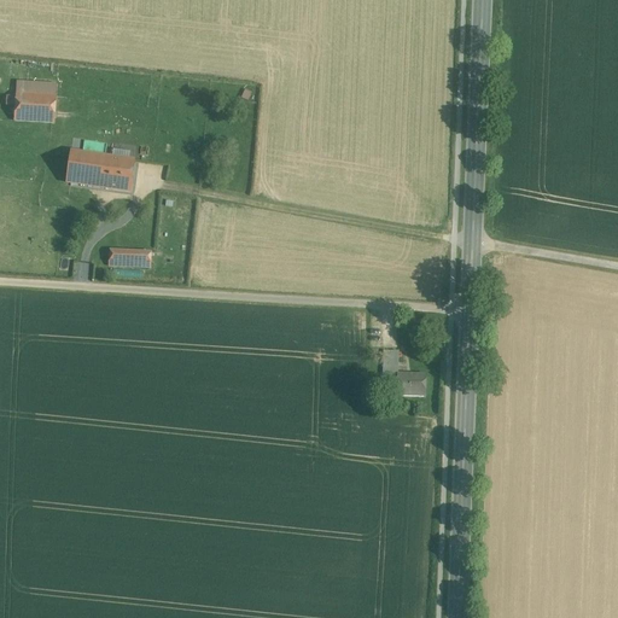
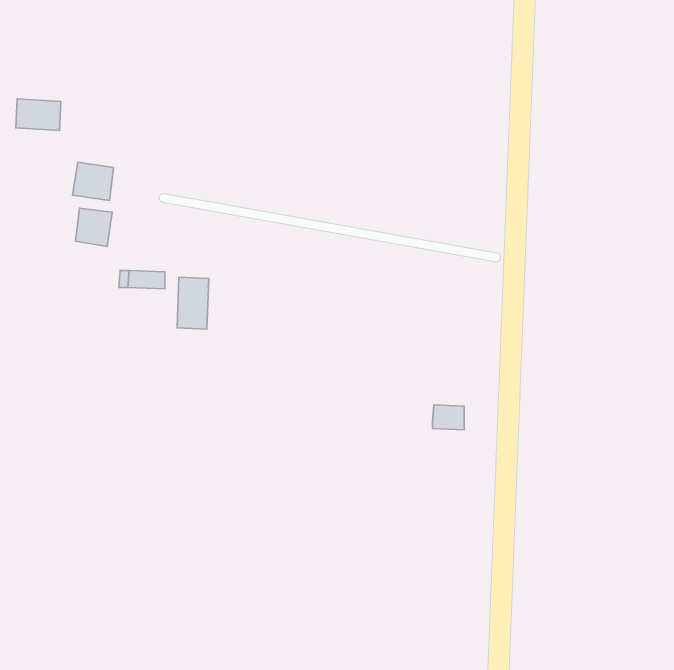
building: [100,153,134,188] -> [75,208,112,247]
building: none -> [177,277,209,329]

